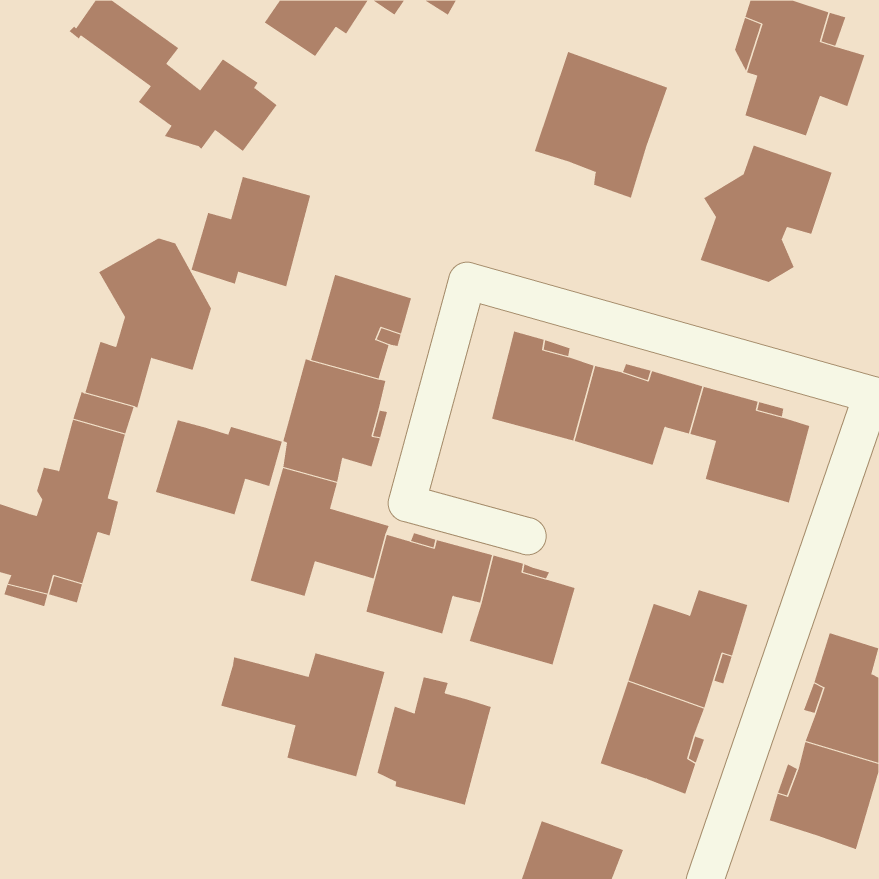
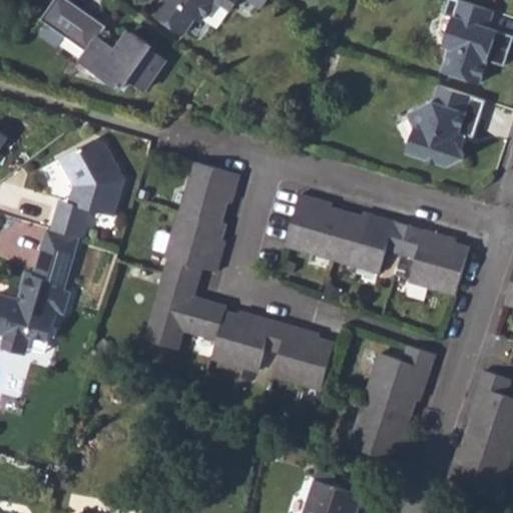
building: [534,51,668,199] -> none
building: [191,176,311,287] -> none
building: [155,420,283,515] -> none
building: [220,652,385,777] -> none
building: [377,677,492,806] -> none

